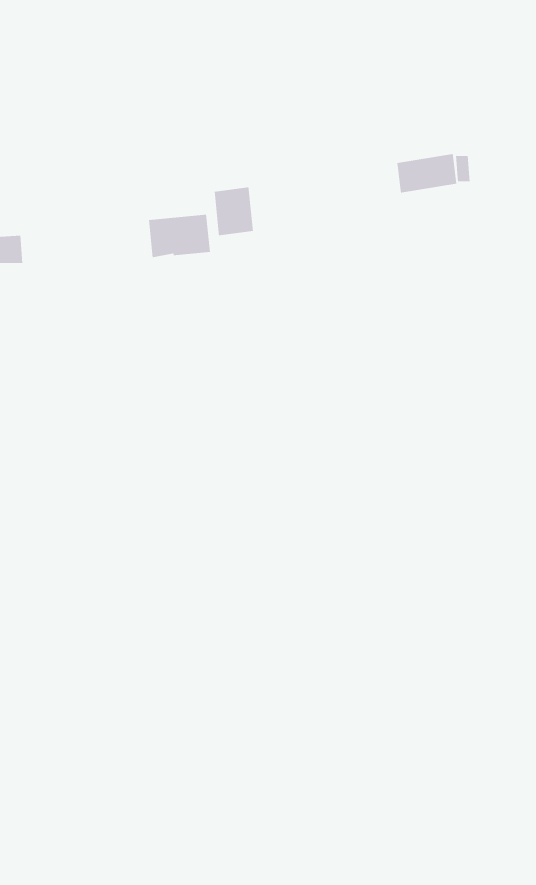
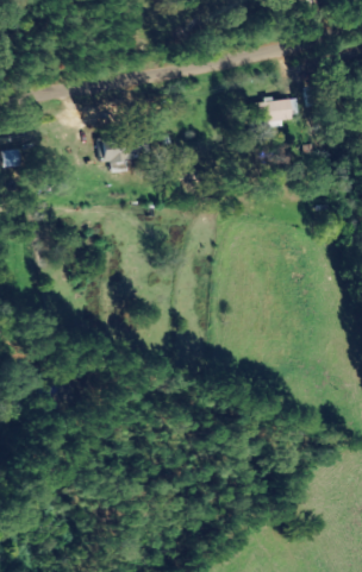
building: [214,187,253,236] -> none

